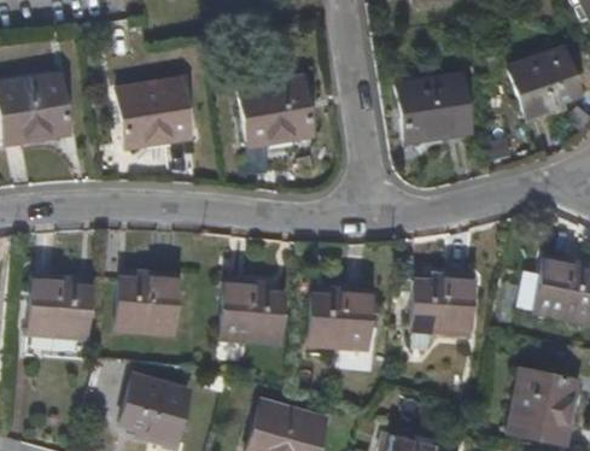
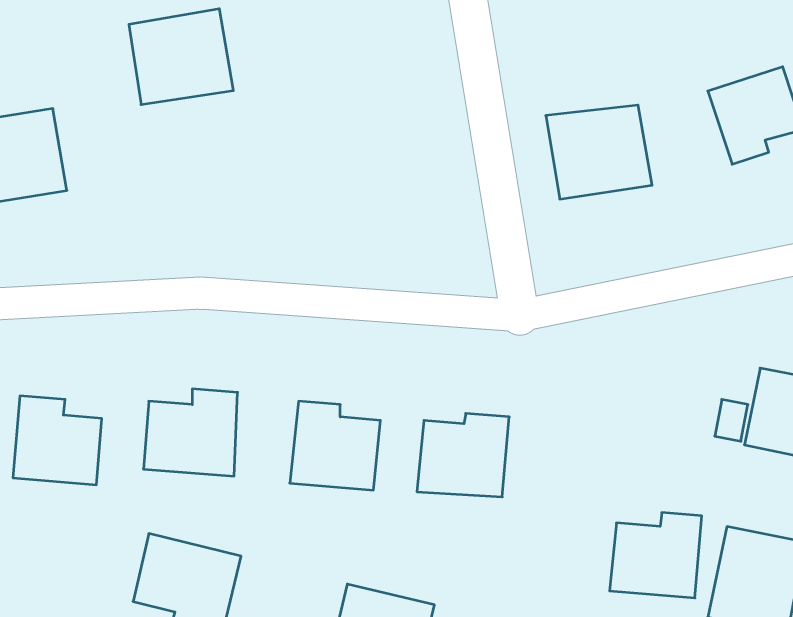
building: [243,80,312,147] -> none
building: [119,81,192,147] -> [129,9,233,105]
building: [410,275,474,334] -> [610,513,702,598]

